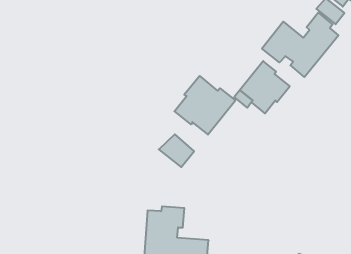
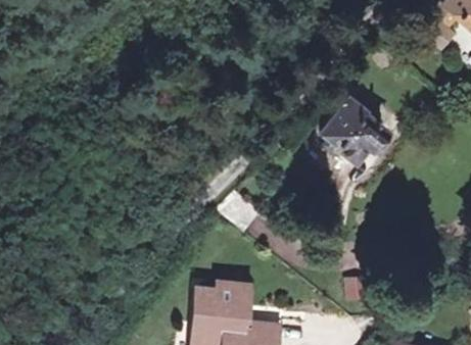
building: [262,13,338,77] -> none
building: [174,76,235,135] -> none

